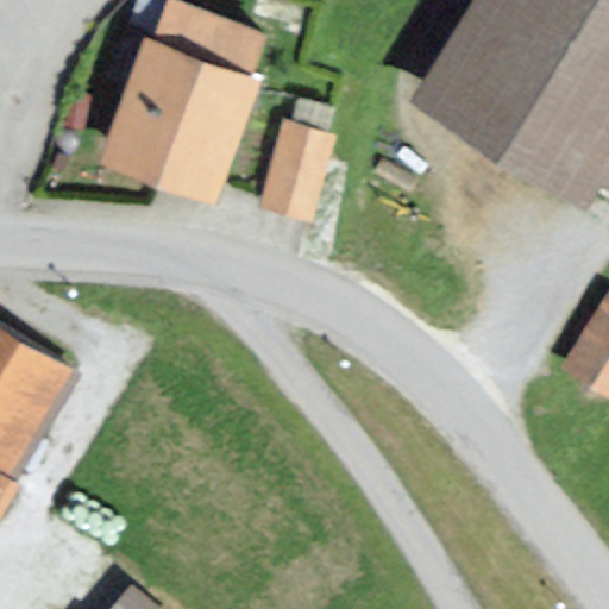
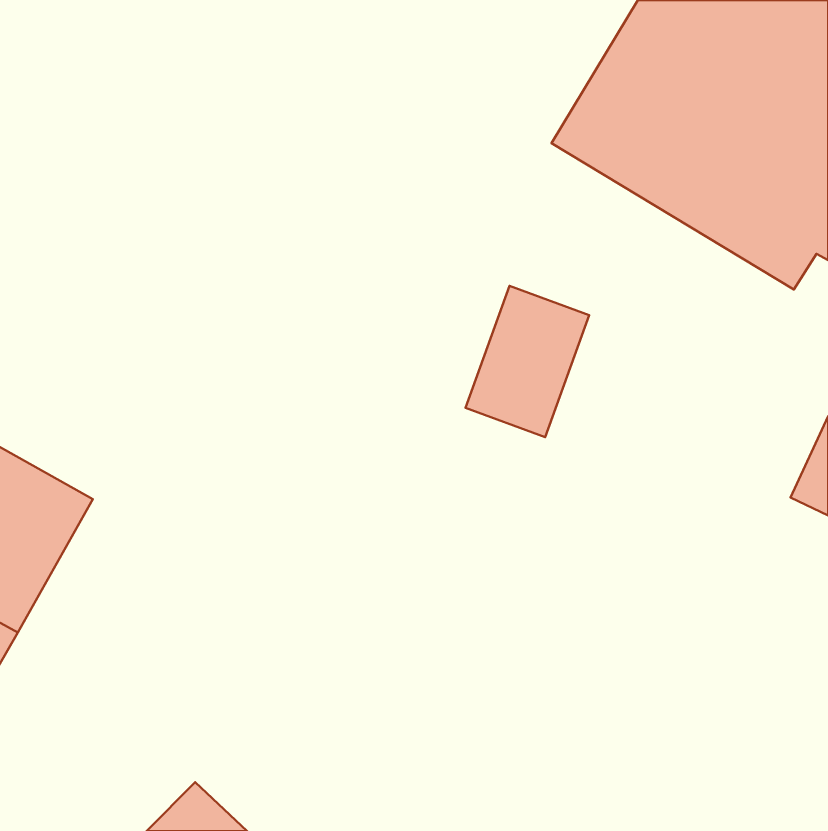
building: [119,34,268,197] -> none
building: [257,98,347,208] -> [466,286,589,437]

